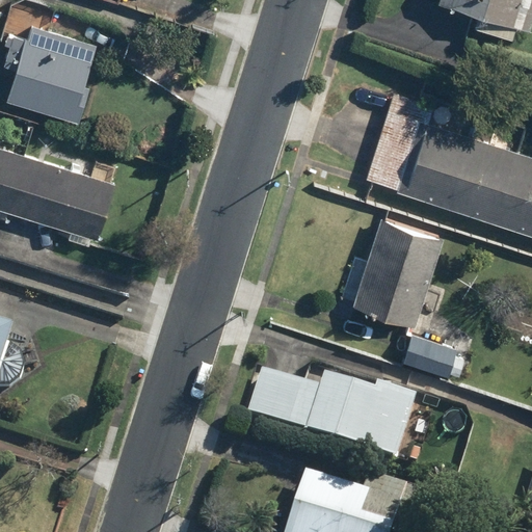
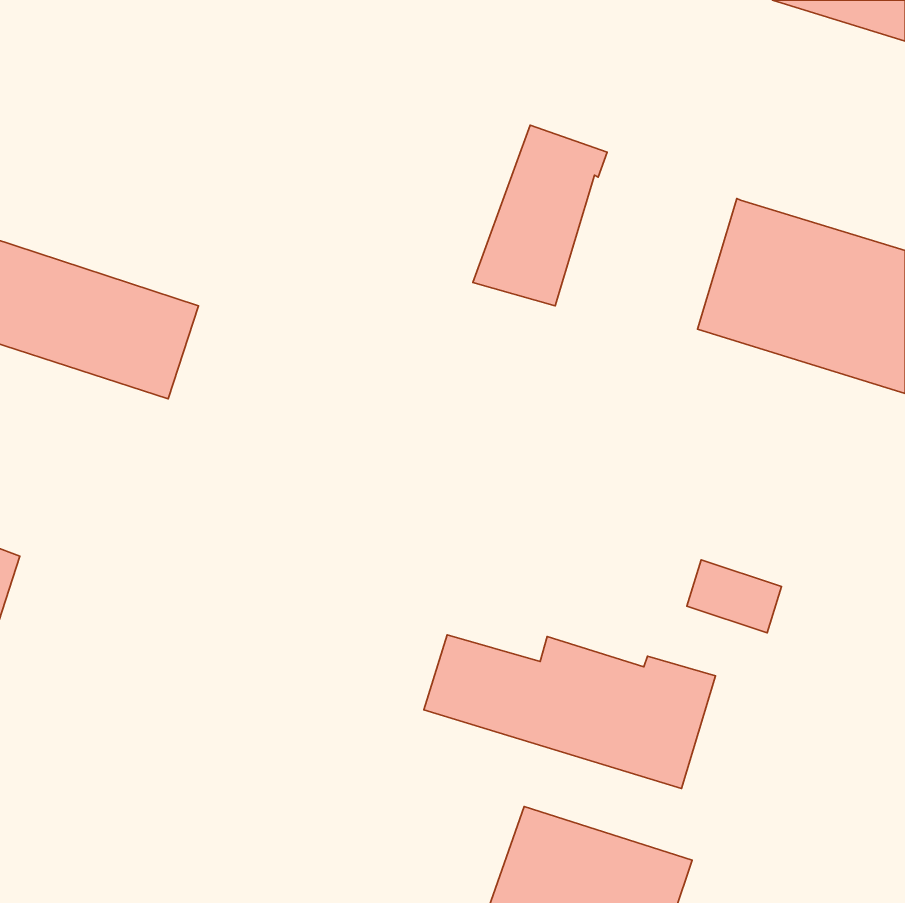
building: [11,29,100,118] -> none
building: [357,92,435,197] -> [473,125,607,306]
building: [350,218,440,324] -> none

